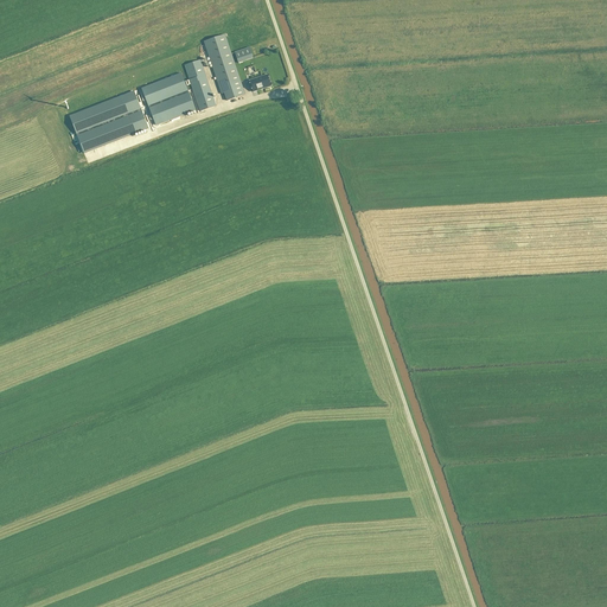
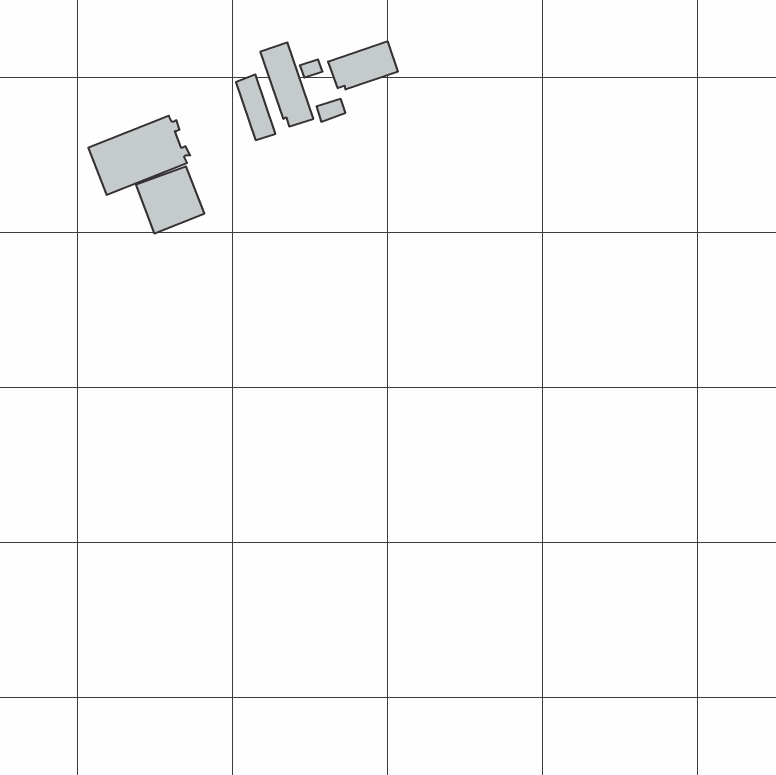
building: none -> [328,41,398,90]
building: [140,72,193,124] -> [136,166,204,233]

